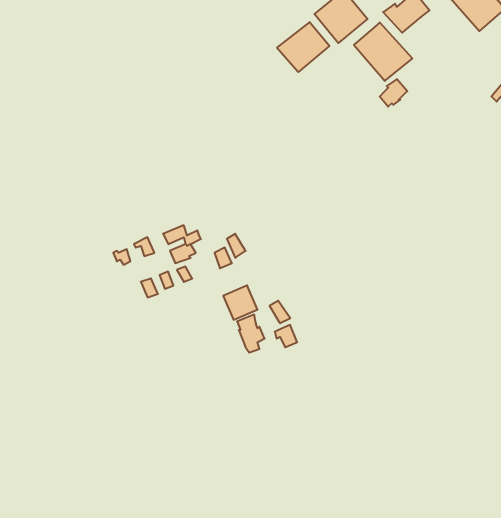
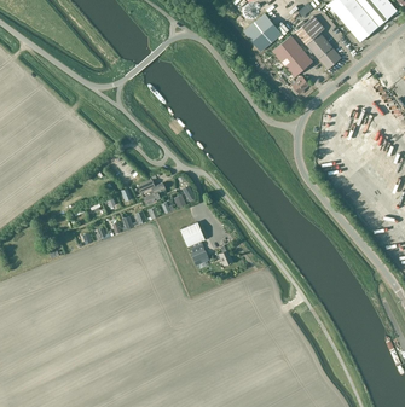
building: none -> [306,33,341,70]
building: [277,22,329,72] -> none

